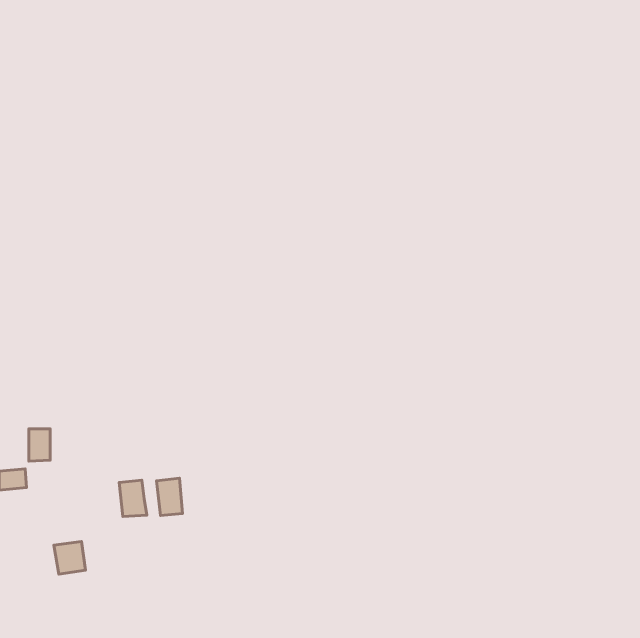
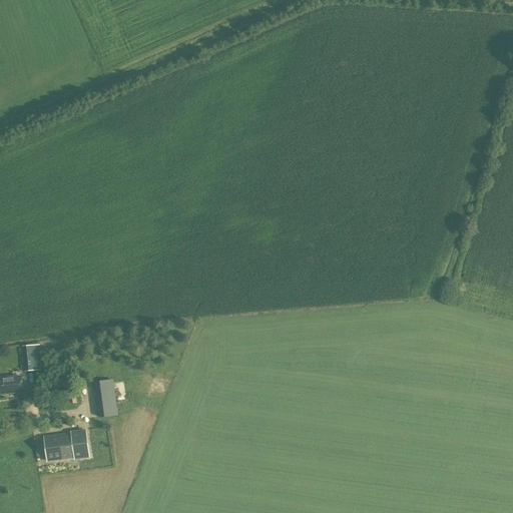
building: [157,478,183,516] -> none
building: none -> [65,429,88,457]

